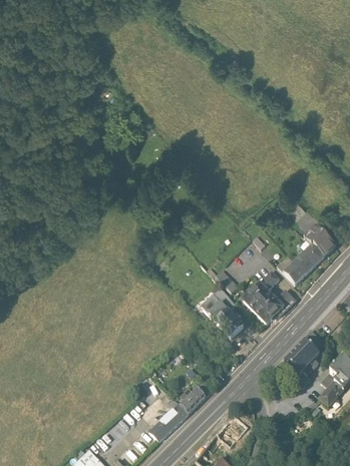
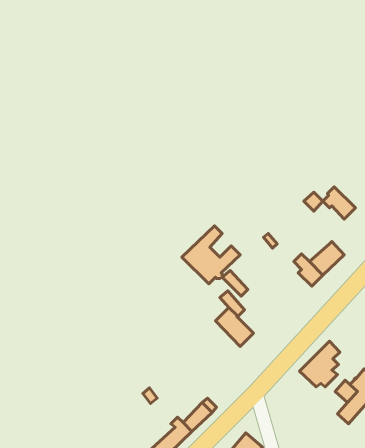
building: [306,225,335,255] -> [323,187,355,219]
building: [243,271,295,323] -> [182,226,240,284]

